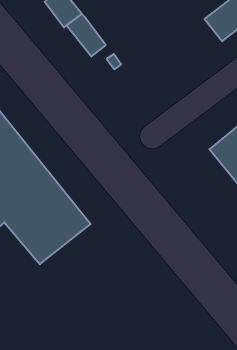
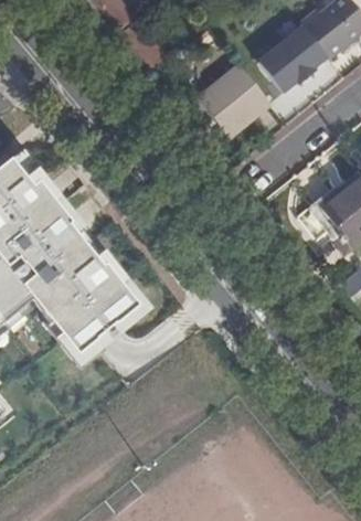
building: none -> [256,26,328,95]
building: none -> [197,61,270,135]

